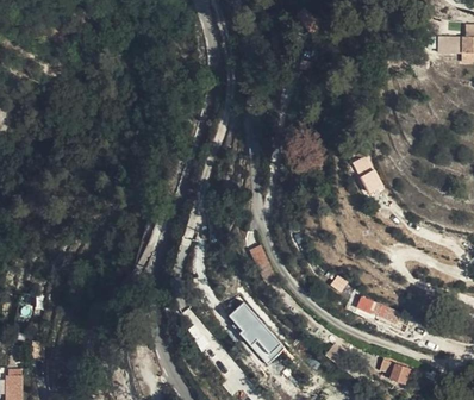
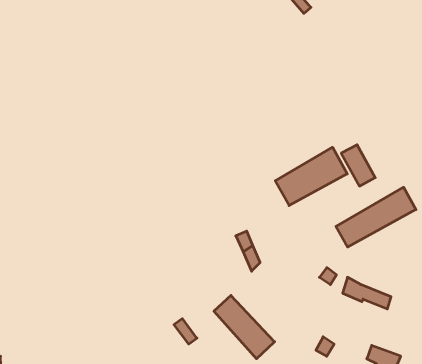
building: none -> [275,147,347,206]
building: none -> [336,187,416,247]

